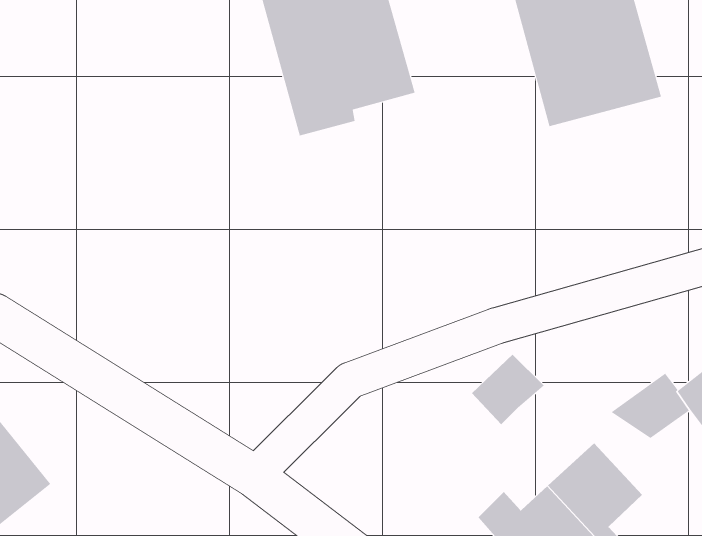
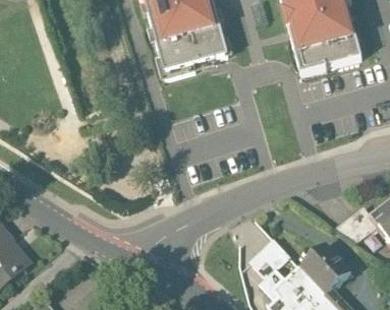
building: [471,354,545,425] -> [250,240,290,278]

